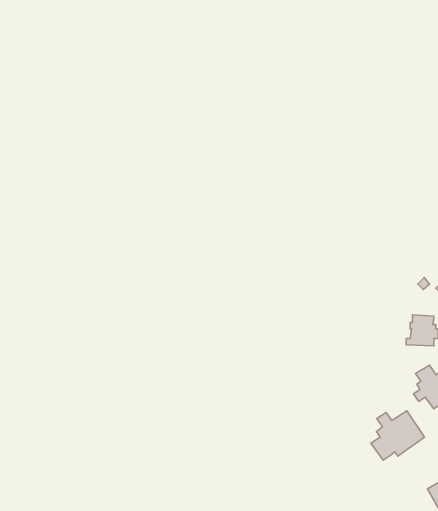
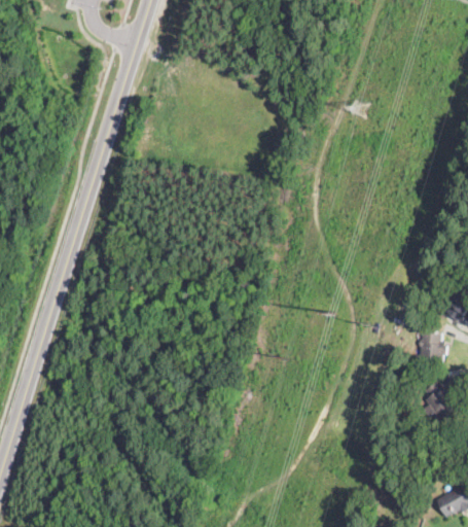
building: [371,411,425,460] -> none

